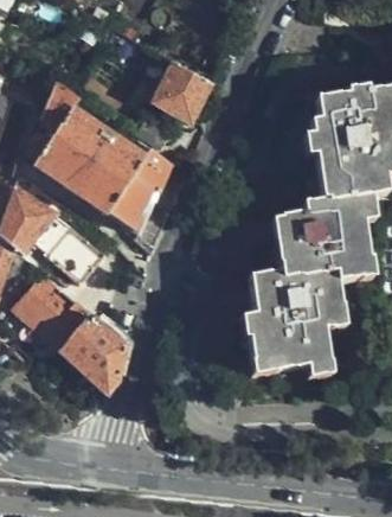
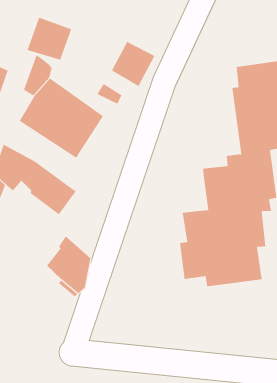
building: none -> [27,17,72,61]
building: [110,147,172,253] -> none
building: [20,275,96,351] -> none

